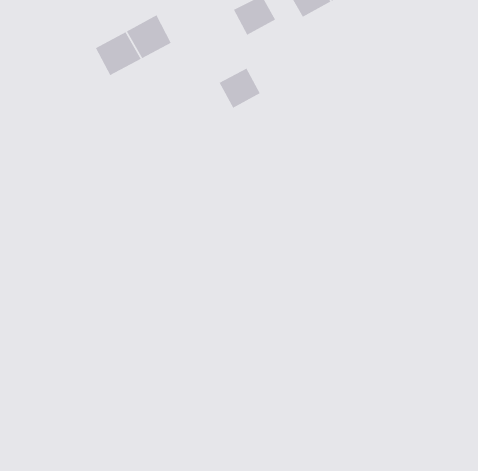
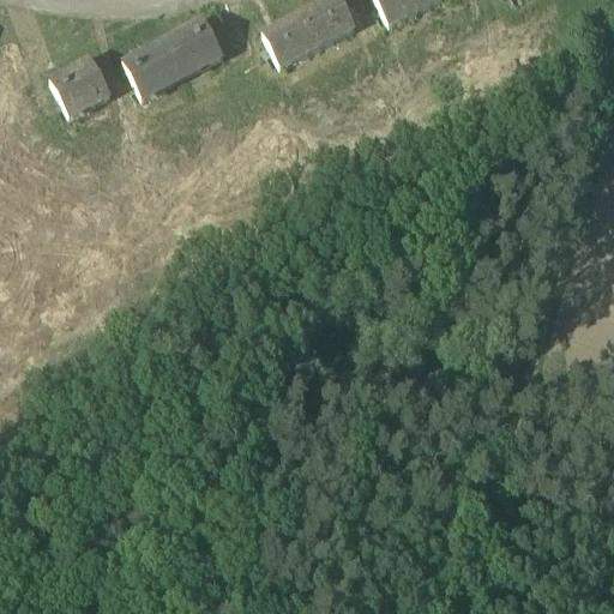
building: none -> [50,56,110,114]
building: [219,67,261,109] -> [264,12,318,65]

